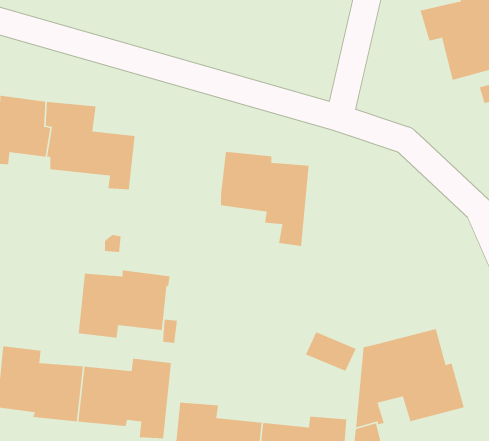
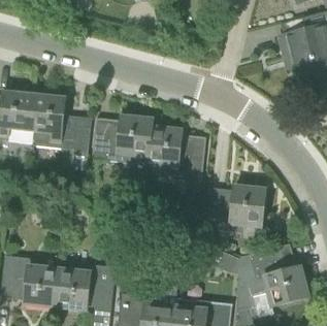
building: none -> [204,185,265,231]
building: [78,270,170,339] -> [92,116,153,161]

